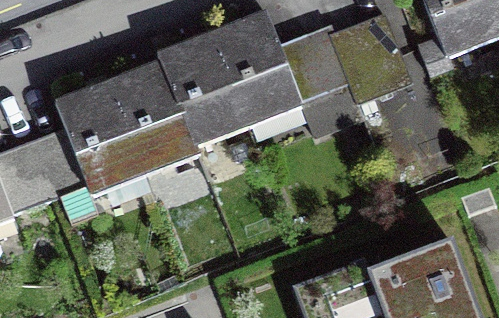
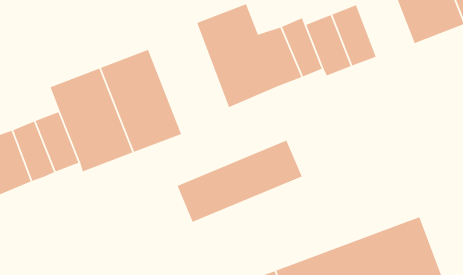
building: [159,35,247,147] -> none
building: none -> [177,139,303,223]

